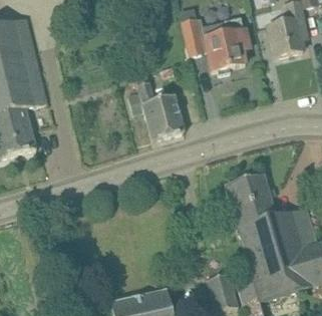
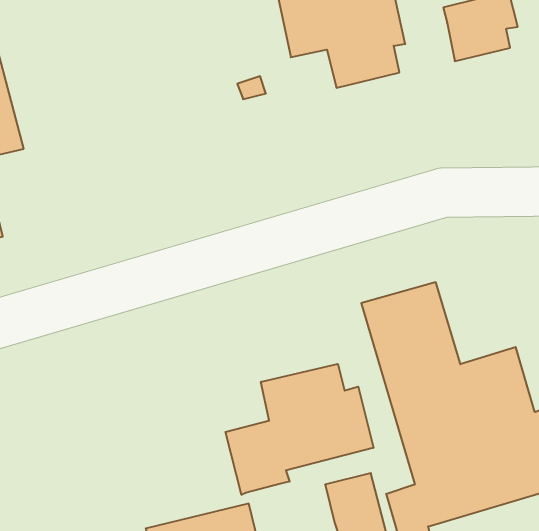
building: [127,72,184,139] -> none
building: none -> [225,364,373,495]

